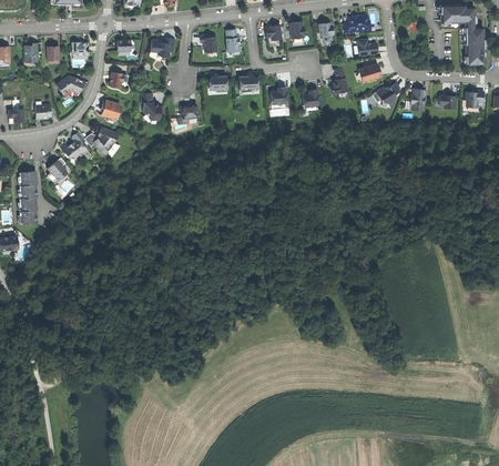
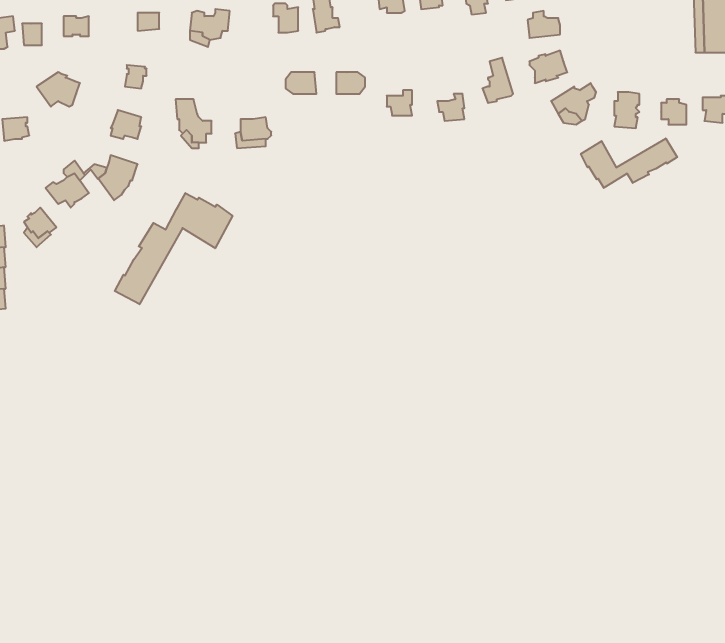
building: none -> [581,138,677,188]
building: none -> [115,193,232,304]

